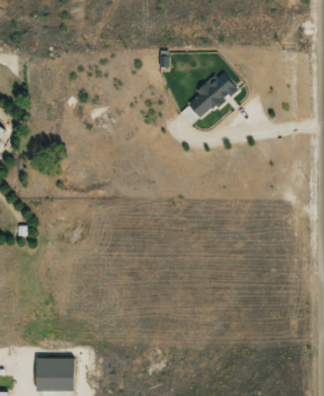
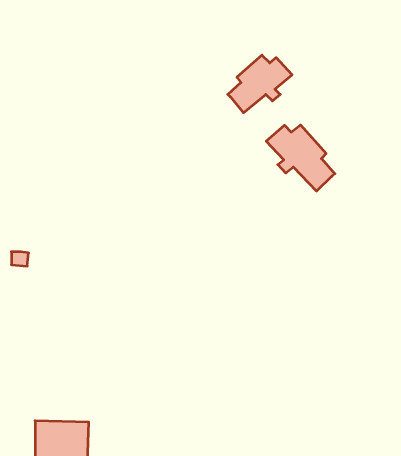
building: none -> [266,125,335,191]

